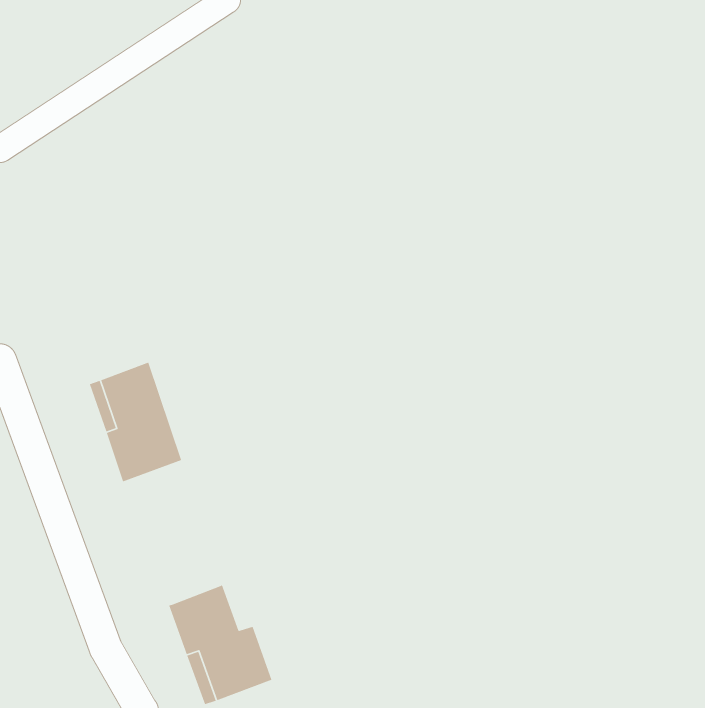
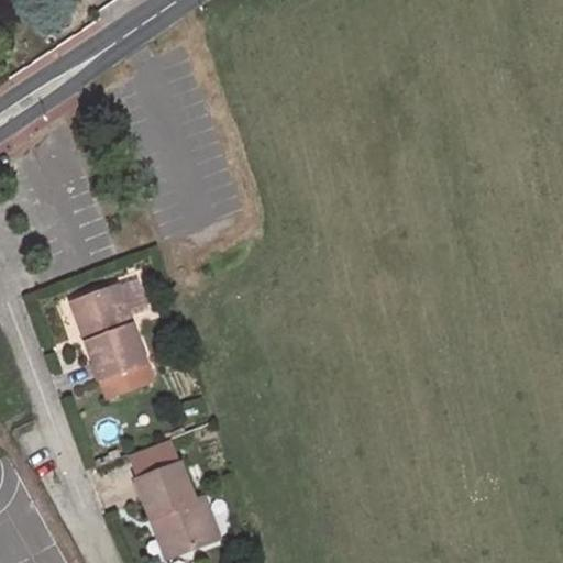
building: none -> [131,441,178,479]

